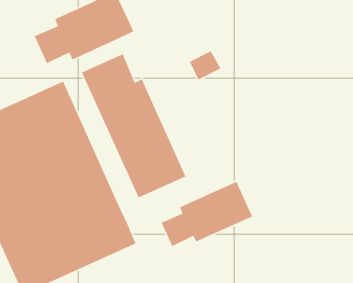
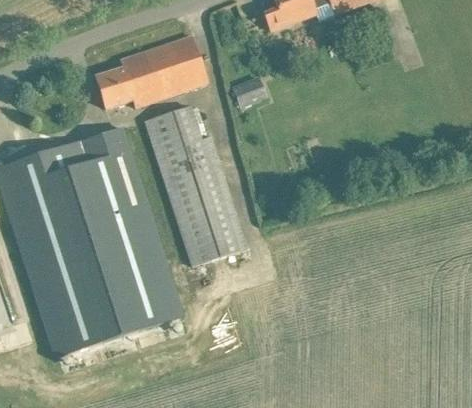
building: [189,50,221,81] -> [233,74,268,106]
building: [161,181,253,247] -> none

